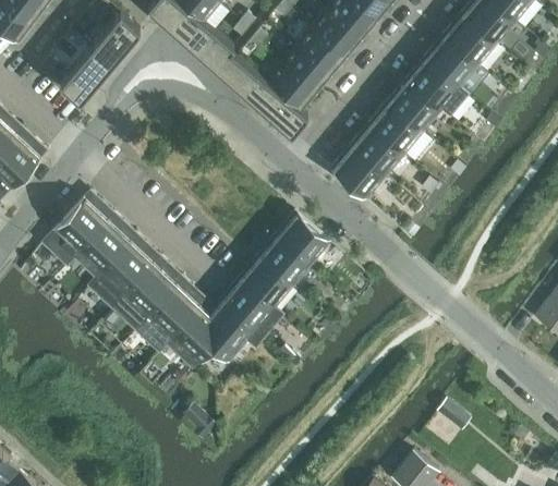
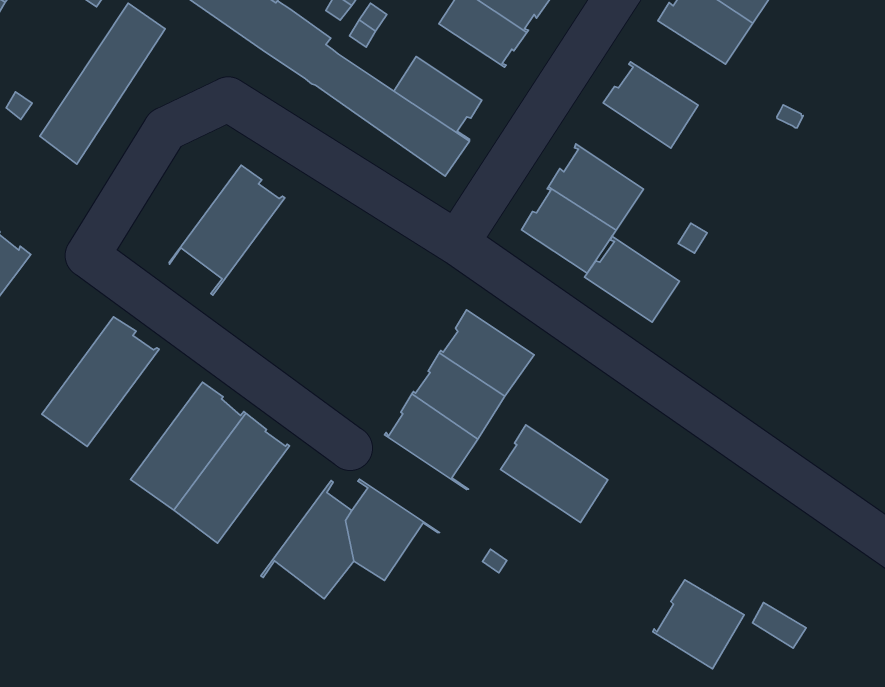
building: [282,45,332,92] -> none
building: [405,58,460,109] -> none
building: [368,101,423,154] -> [585,236,680,322]
building: [66,214,137,287] -> [169,165,285,295]
building: [135,278,205,351] -> none
building: [221,278,282,338] -> [501,425,608,523]
building: none -> [653,580,744,669]

